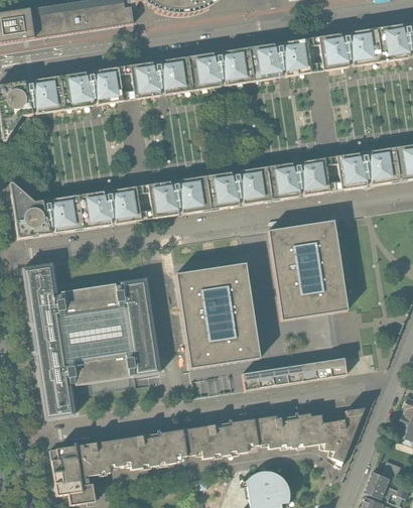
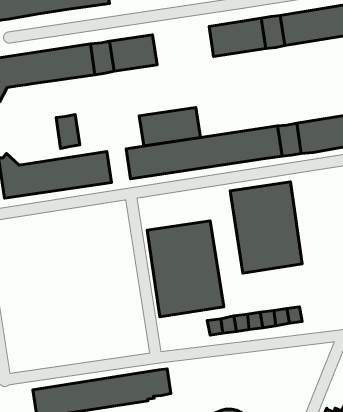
building: [181,48,249,91] -> [139,107,200,146]
building: [131,183,157,221] -> [56,115,80,148]
building: [22,264,159,419] -> none
building: [199,407,364,469] -> none

